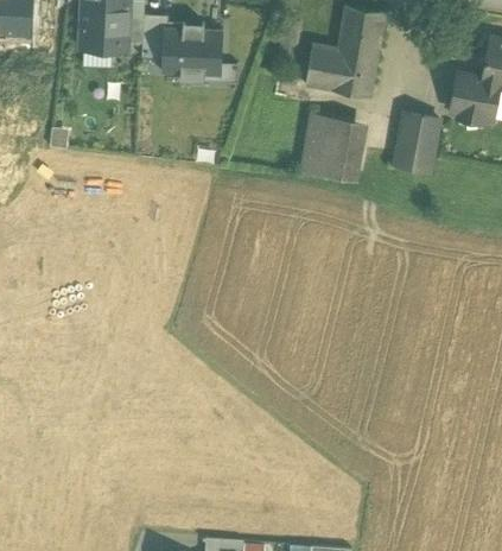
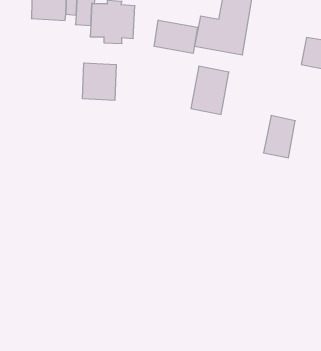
building: none -> [154,20,197,53]
building: none -> [82,63,116,100]
building: [395,113,439,171] -> [263,116,295,158]

